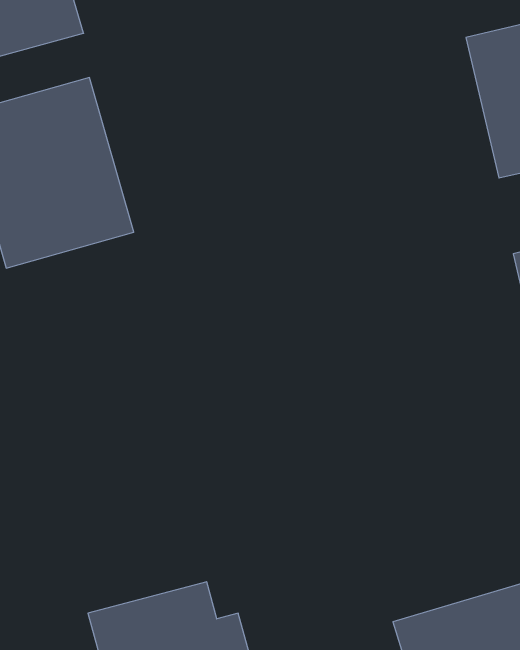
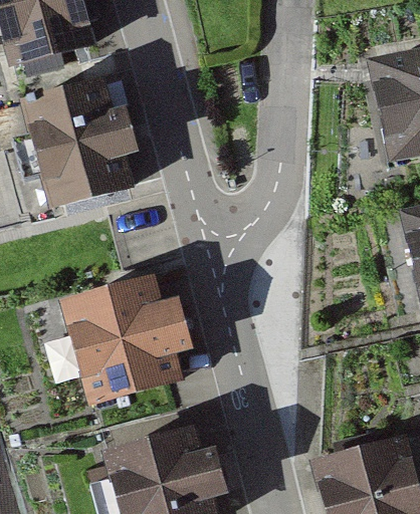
building: none -> [71,280,209,409]

